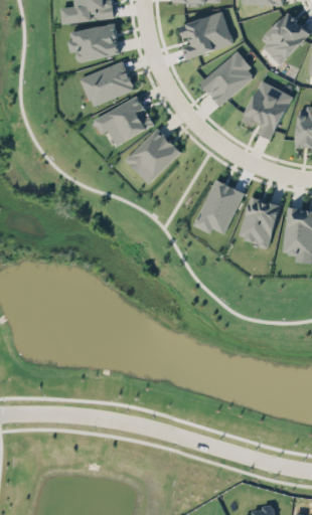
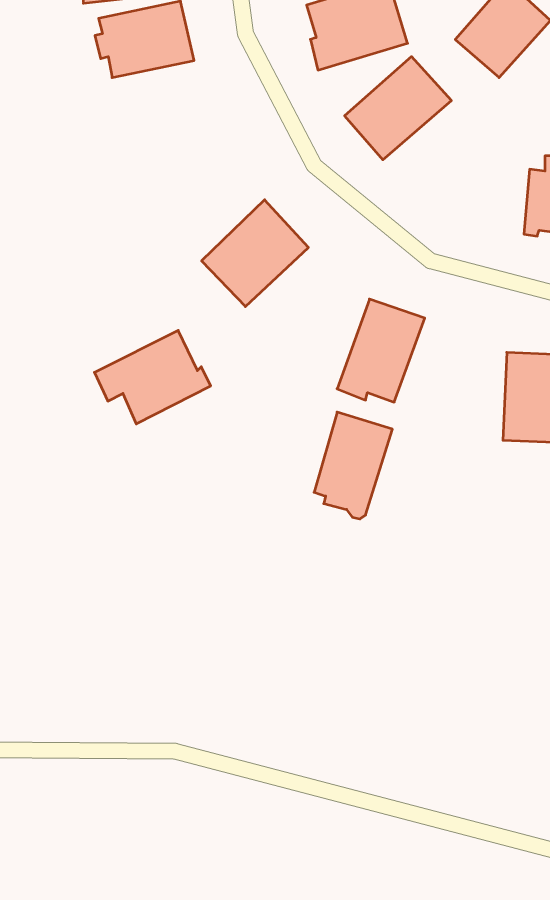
building: [81,60,135,106] -> none
building: [241,79,292,139] -> none
building: [94,97,155,146] -> [94,330,211,424]
building: [240,192,281,248] -> [314,412,392,519]

